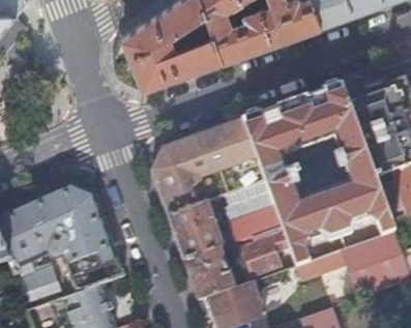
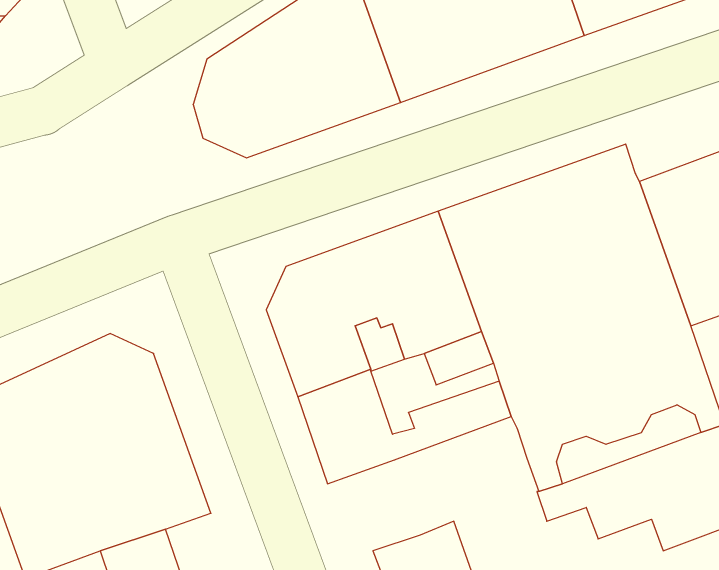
building: [241,233,289,277] -> none
building: [184,249,233,301] -> none

